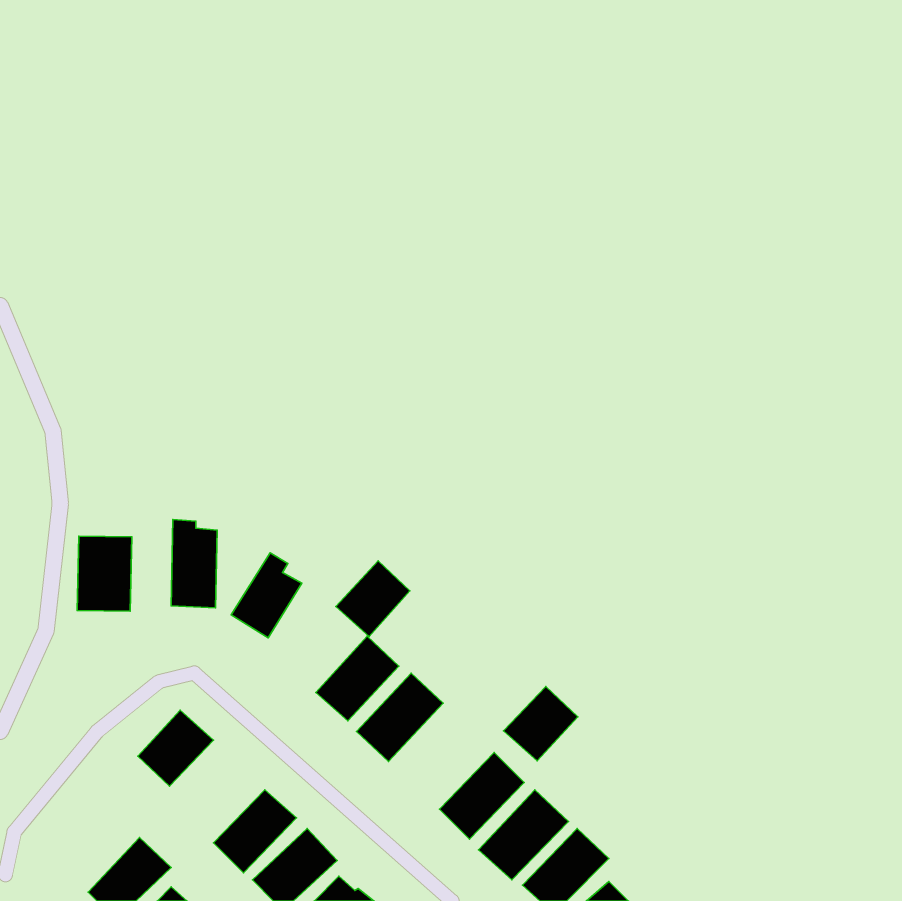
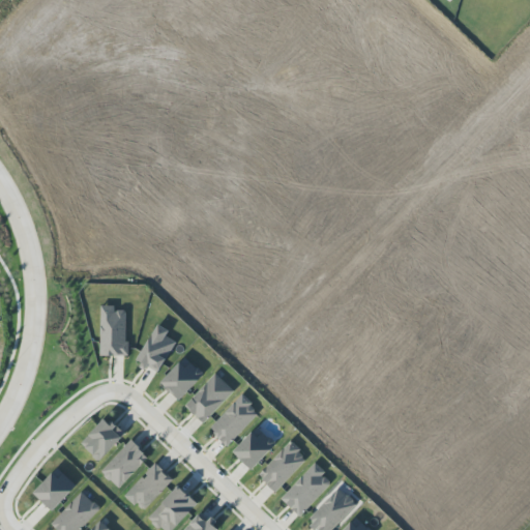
building: [77,536,132,611] -> none
building: [336,561,410,637] -> [160,356,204,401]
building: [504,687,578,761] -> [233,425,276,469]
building: none -> [101,439,149,489]
building: none -> [34,467,77,510]

